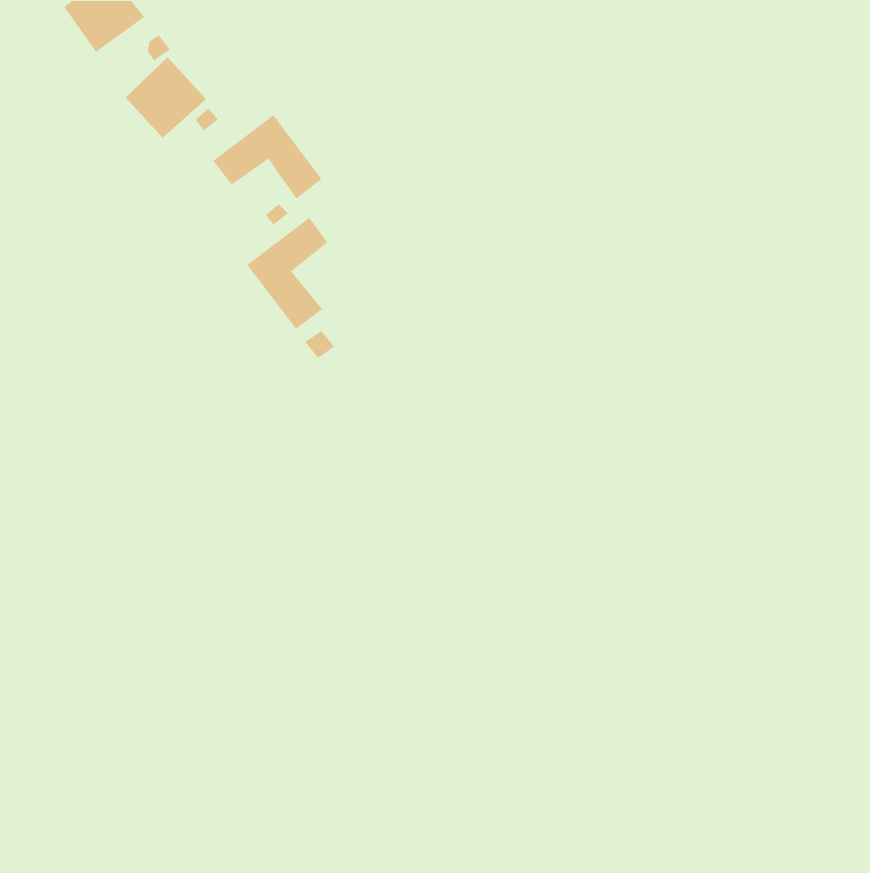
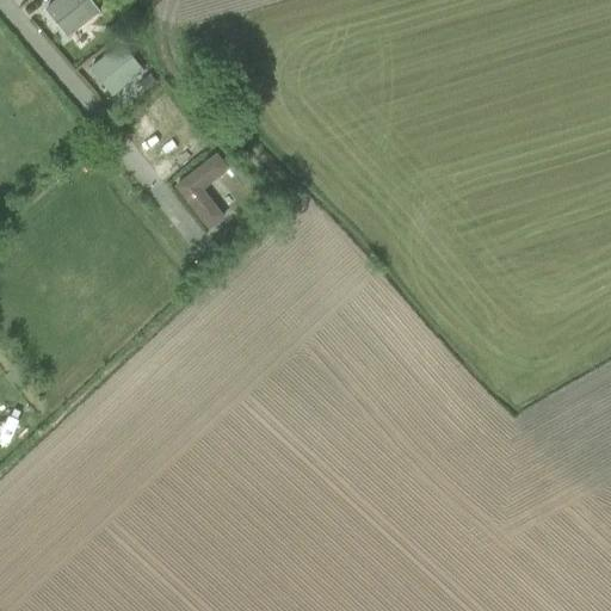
building: [212,114,322,199] -> none

